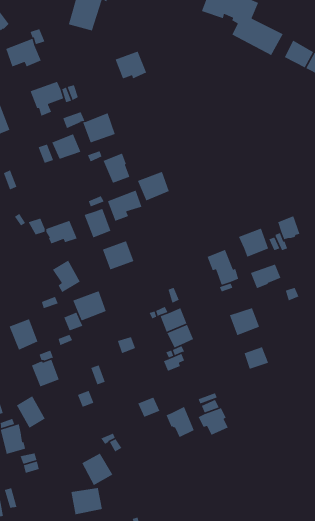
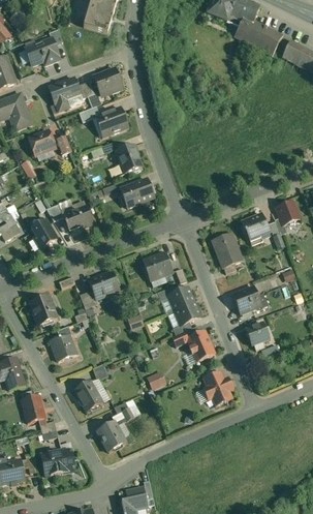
building: [115,50,147,79] -> [93,67,123,94]
building: [51,133,81,160] -> [28,130,56,155]
building: [137,171,170,201] -> none
building: [83,208,111,239] -> none
building: [102,240,134,270] -> [143,252,173,280]
building: [52,259,81,293] -> [33,220,60,251]
building: [250,263,281,289] -> none
building: [16,395,46,429] -> [74,381,102,412]
building: [166,406,195,438] -> [187,330,214,360]
building: [70,487,103,515] -> [41,450,71,476]

